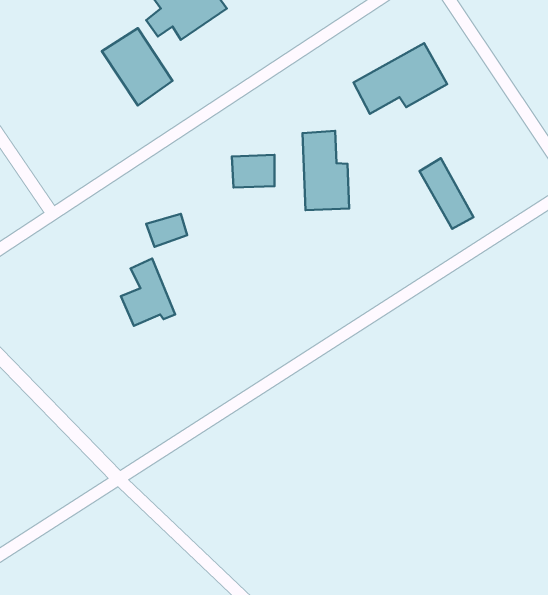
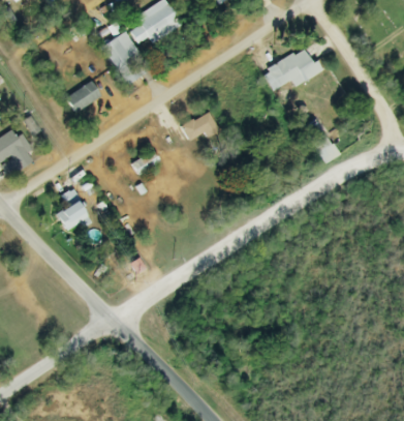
building: none -> [65,80,101,113]
building: [303,131,349,210] -> none
building: [121,258,175,326] -> [56,187,90,230]

